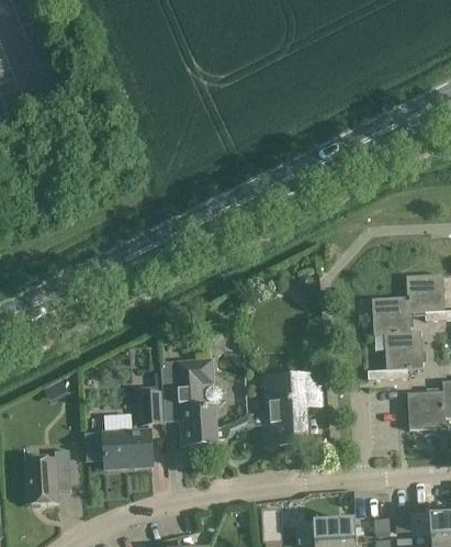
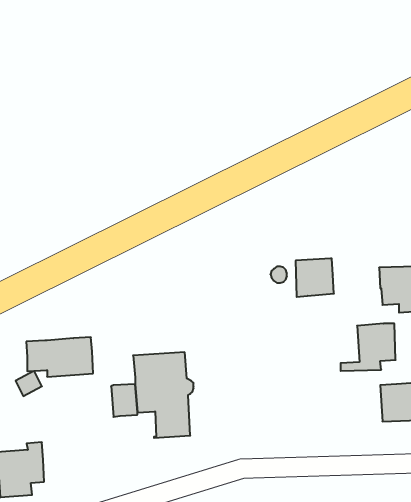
building: [372,295,410,334] -> [296,258,334,297]
building: [263,373,322,445] -> none
building: [84,428,151,468] -> [26,337,93,377]

